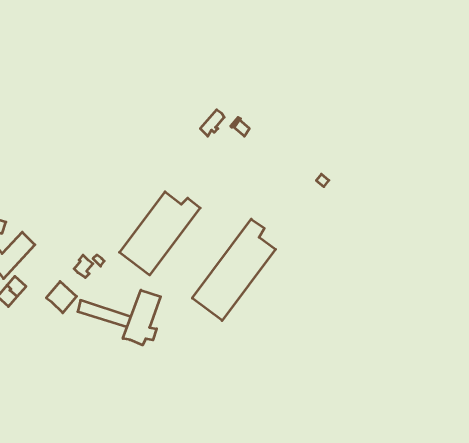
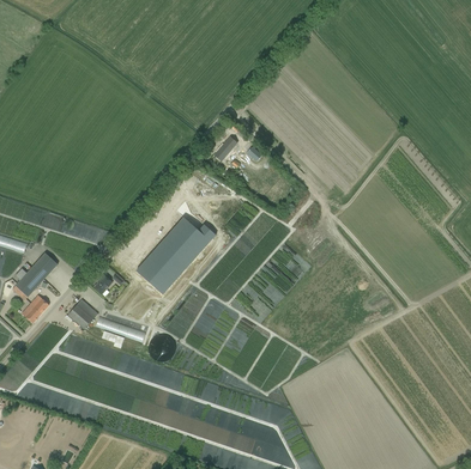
building: [192,219,276,321] -> none
building: [123,290,161,345] -> none

